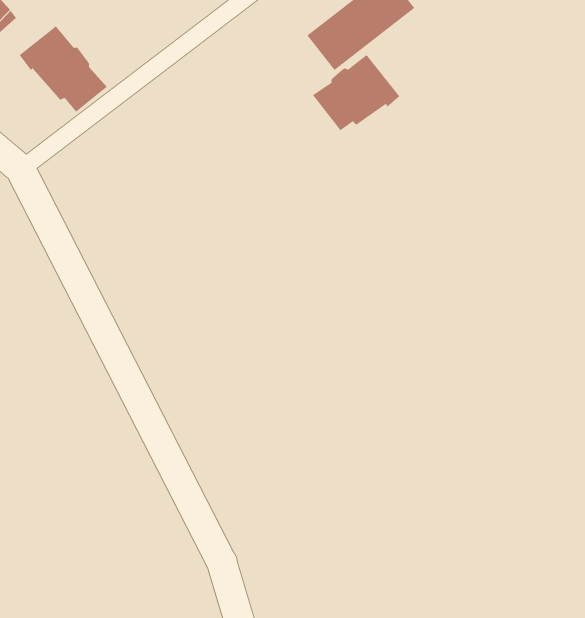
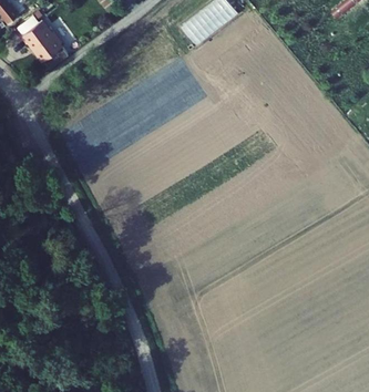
building: [312,54,400,131] -> none

